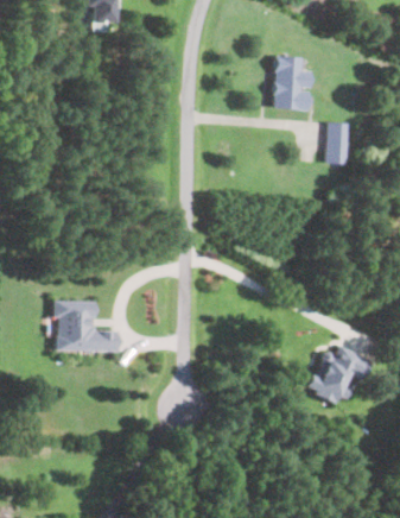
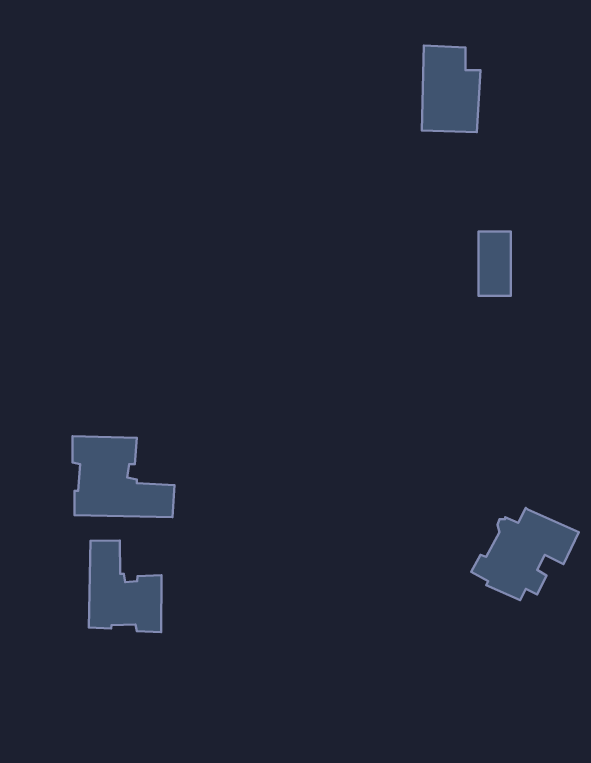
building: [328,122,348,163] -> [479,232,511,296]
building: none -> [89,540,162,632]

